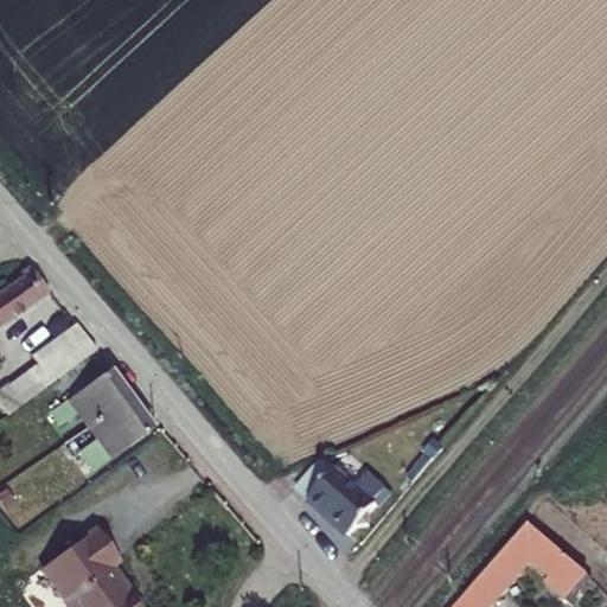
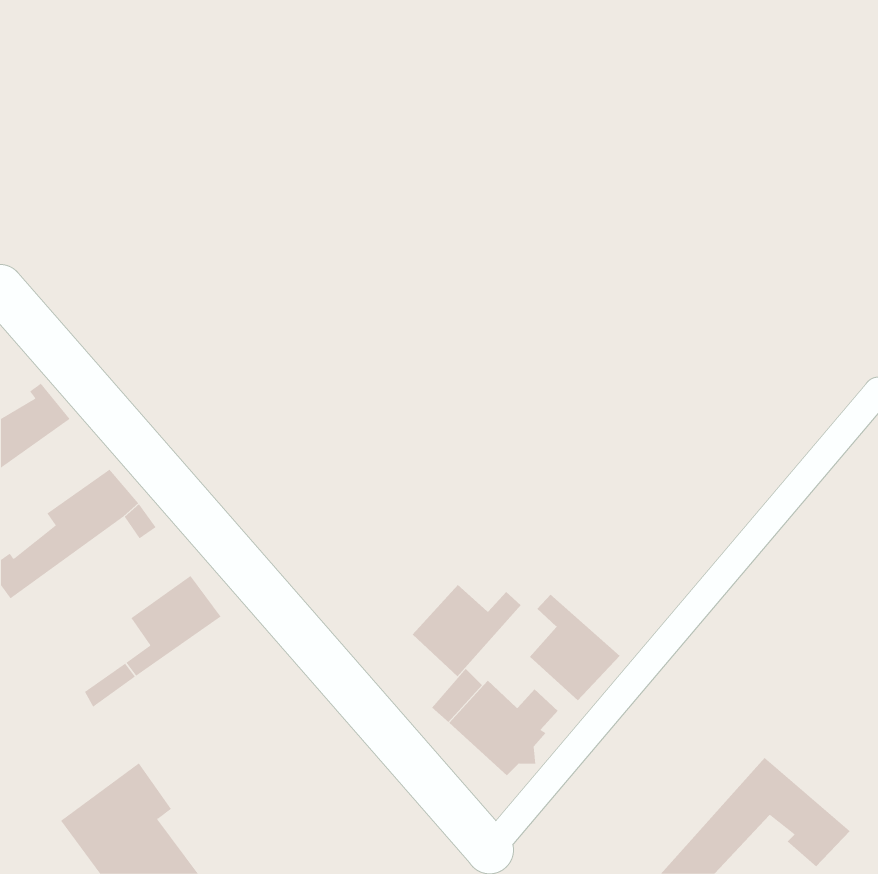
building: [52,369,132,427] -> none
building: none -> [412,584,521,677]
building: none -> [529,594,621,701]

